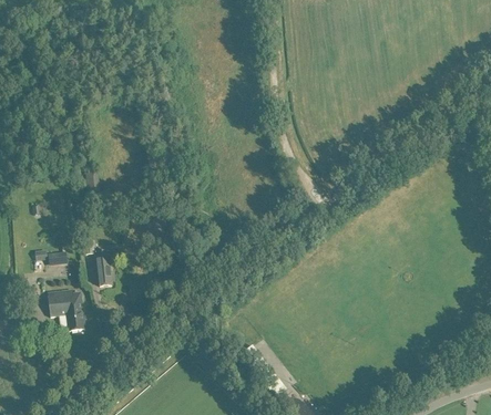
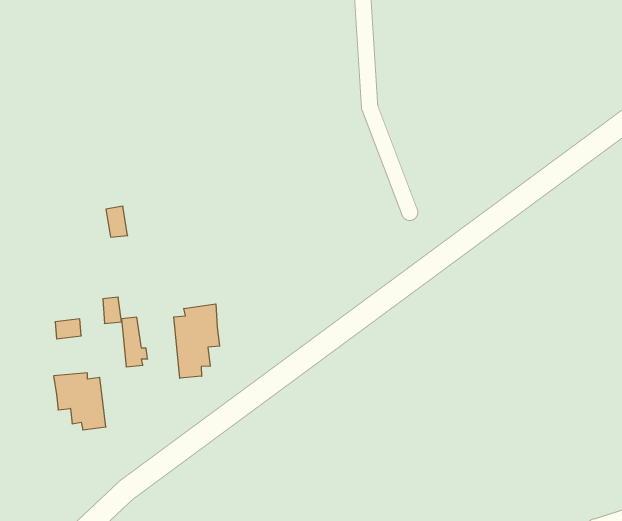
building: none -> [174,304,220,378]

